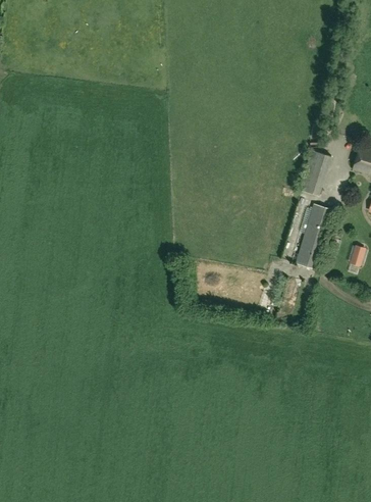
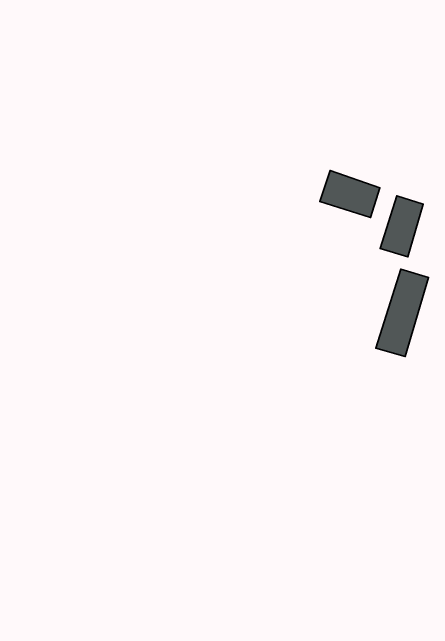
building: none -> [320,170,380,218]

